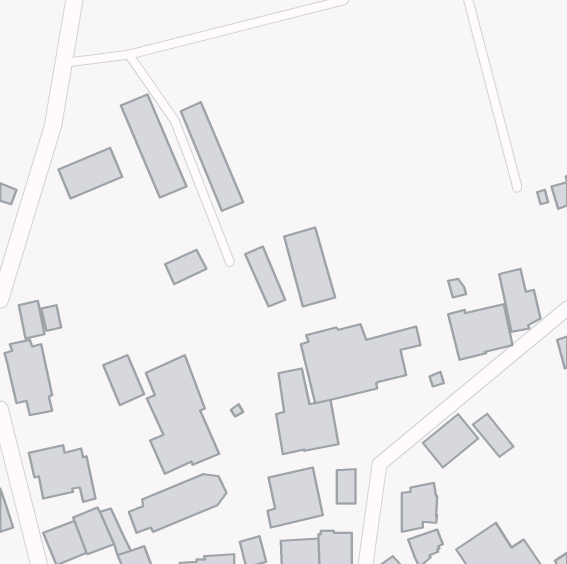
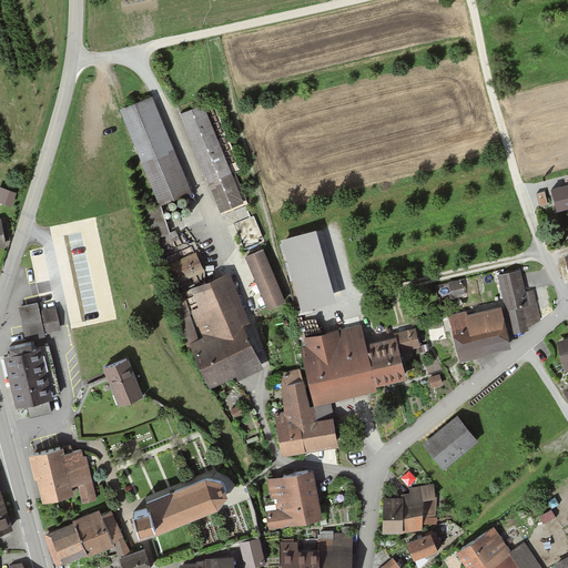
building: [58,148,122,199] -> none
building: [146,355,219,474] -> [191,271,264,389]
building: [473,414,514,457] -> none
building: [337,469,356,504] -> [383,498,402,532]

